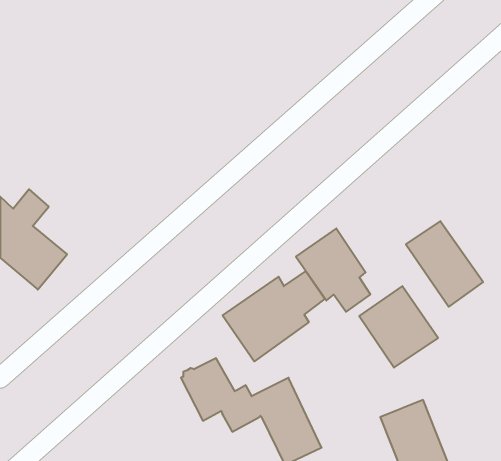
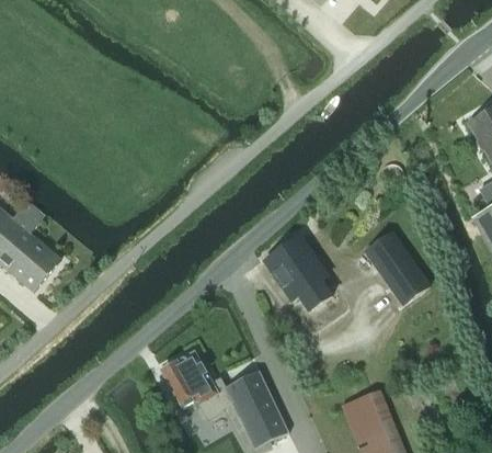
building: [223,271,325,361] -> none
building: [359,286,438,368] -> none

